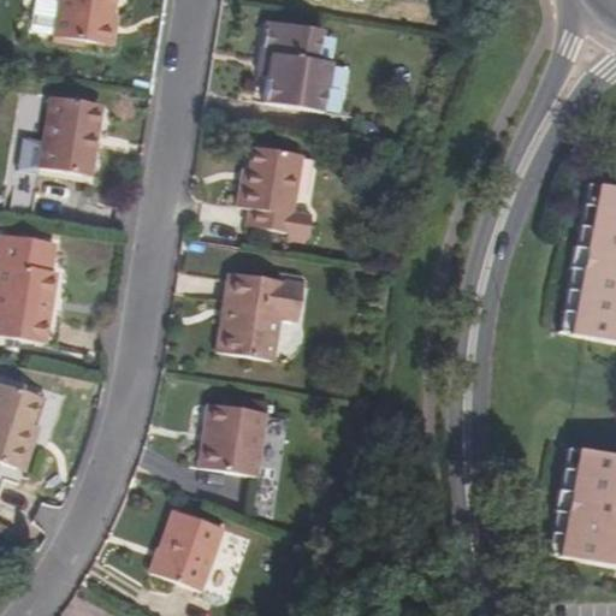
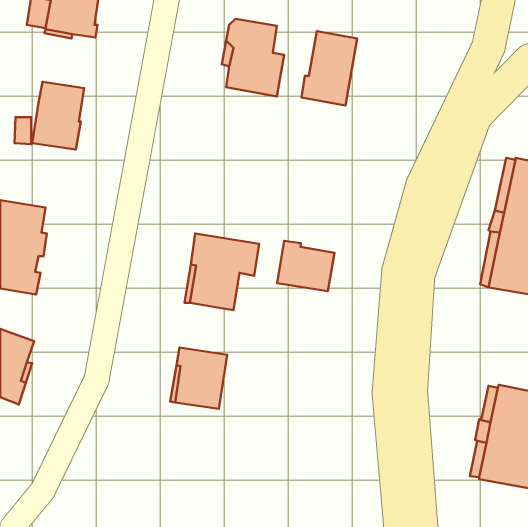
building: none -> [301,31,357,105]
building: [238,146,312,235] -> none
building: none -> [277,241,334,291]
building: [150,509,223,588] -> none

